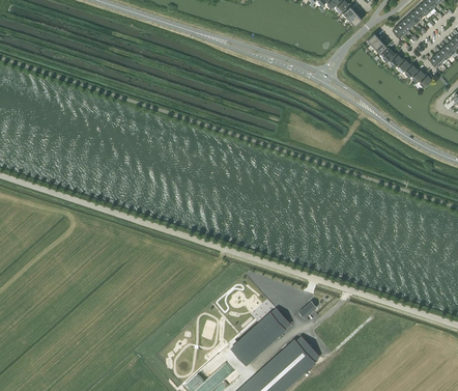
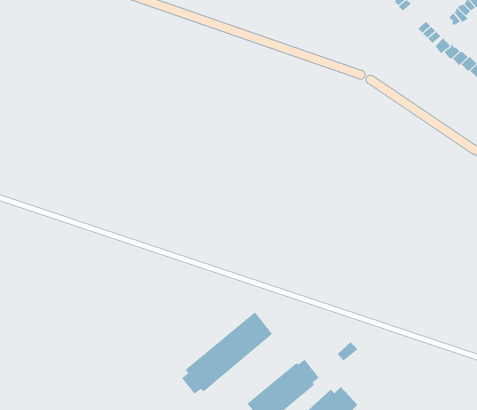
building: none -> [181,312,273,395]

